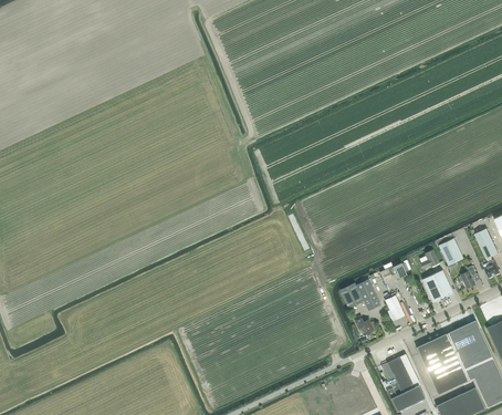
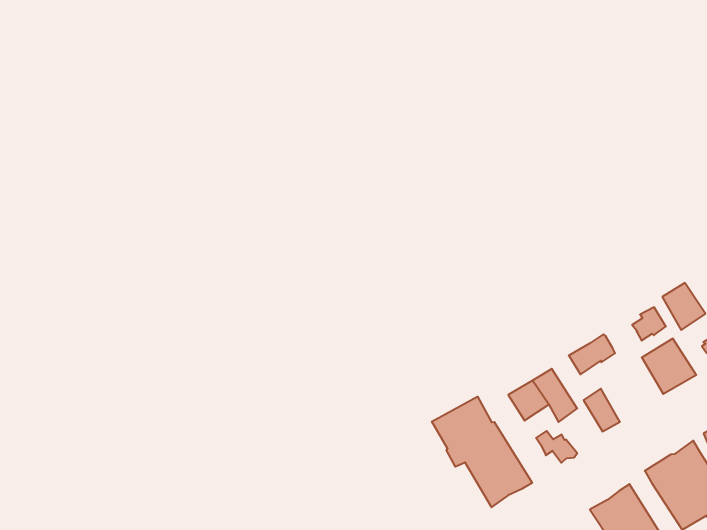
building: none -> [432,397,532,507]

